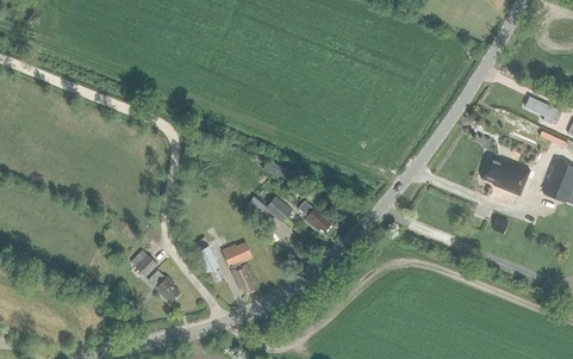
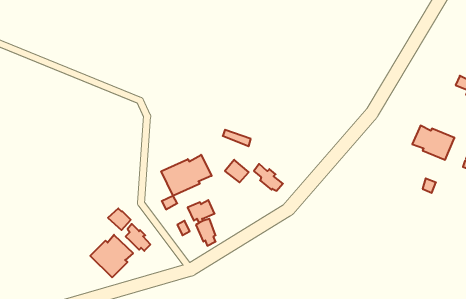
building: none -> [161,155,212,196]
building: none -> [90,235,133,277]

